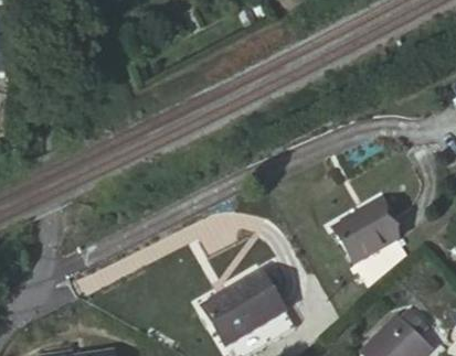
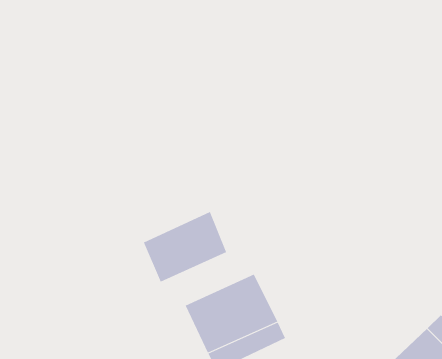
building: [331,207,389,265] -> none
building: none -> [143,211,227,283]

